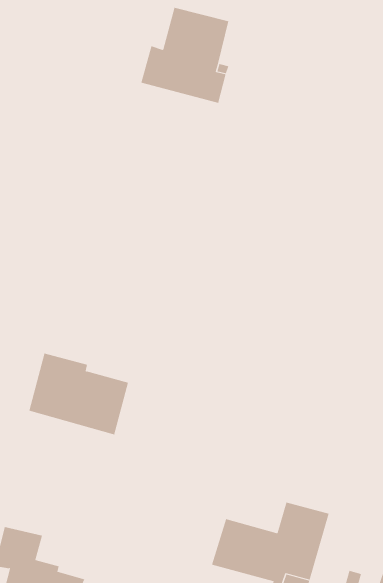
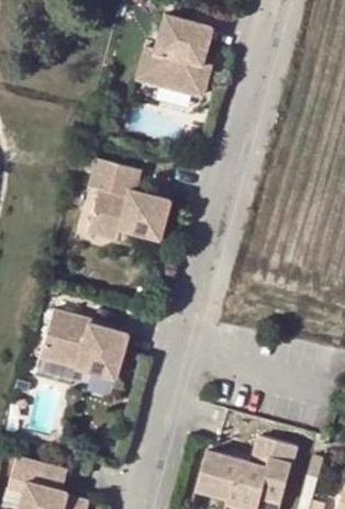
building: none -> [88,158,173,241]

